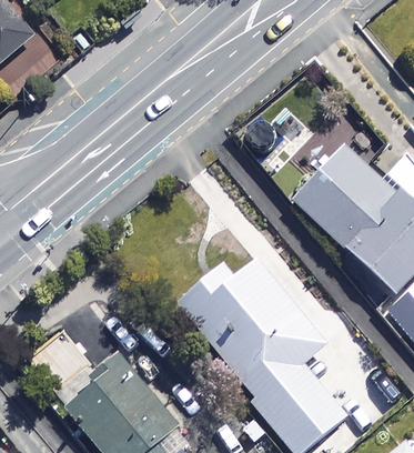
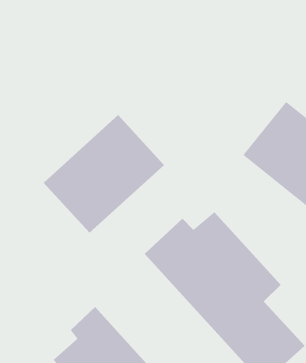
building: none -> [43,114,165,234]

